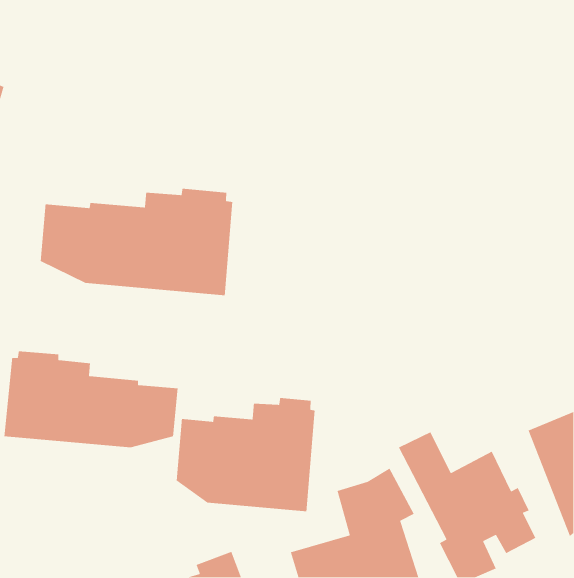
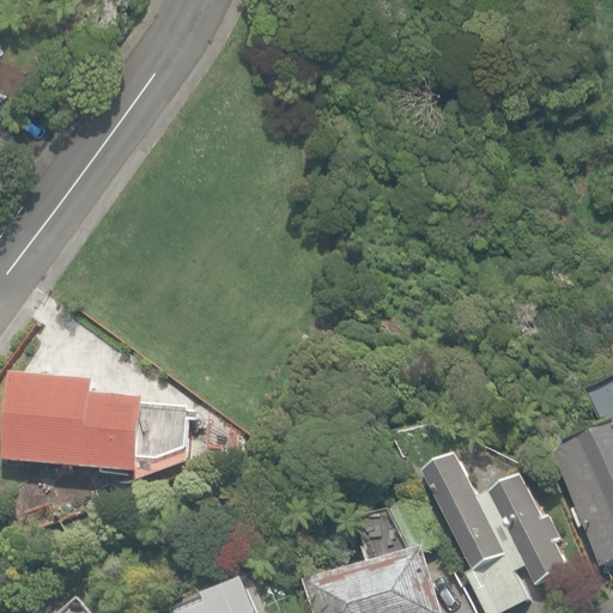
building: [40,188,233,296] -> none
building: [176,397,316,512] -> none

